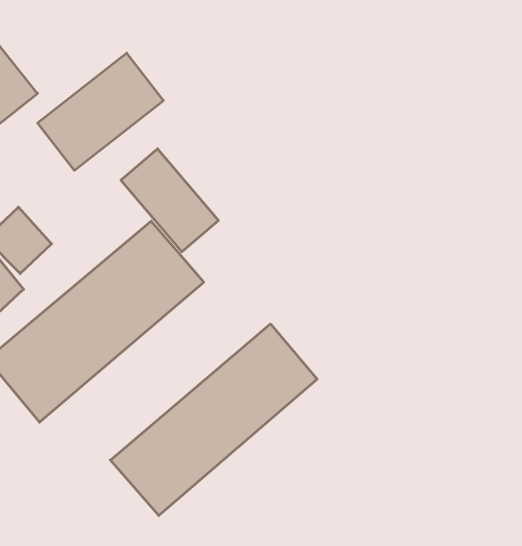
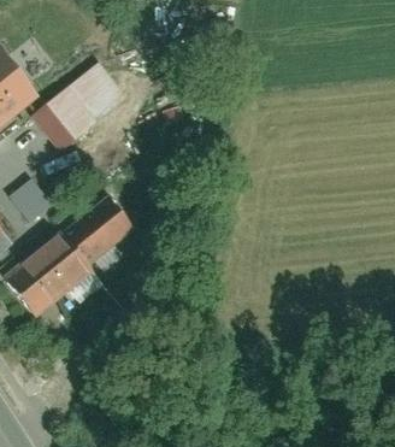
building: [121,149,218,252] -> none
building: [110,324,317,516] -> none

